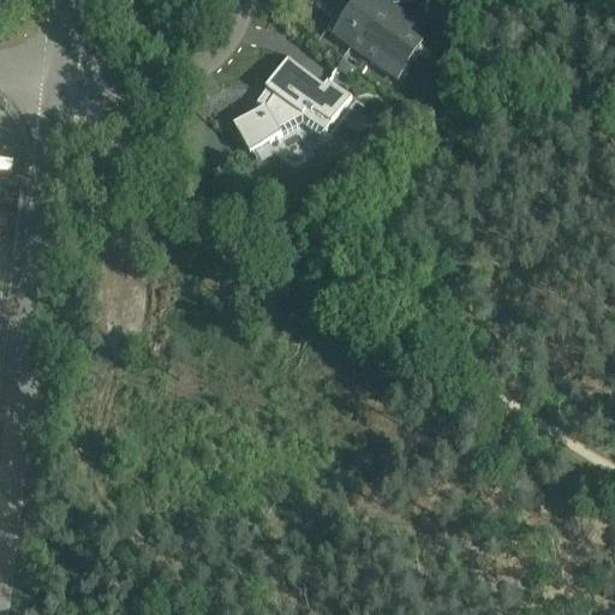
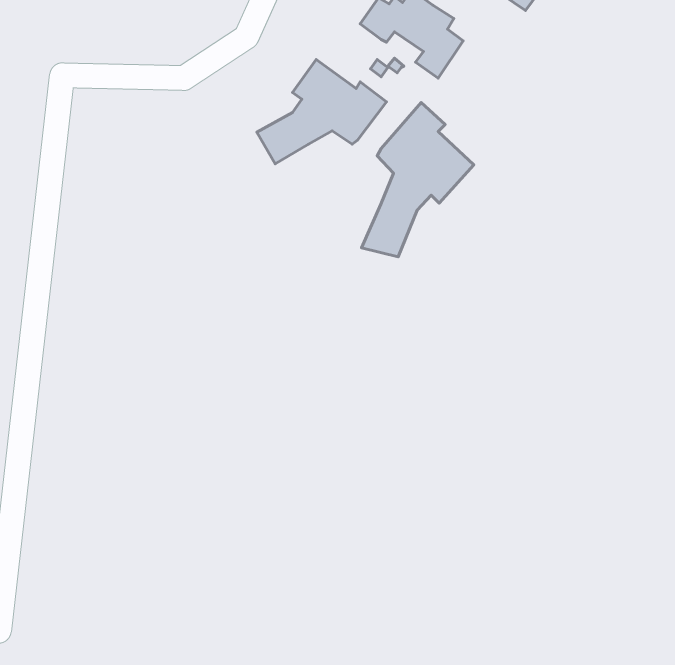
building: none -> [362,103,474,257]

